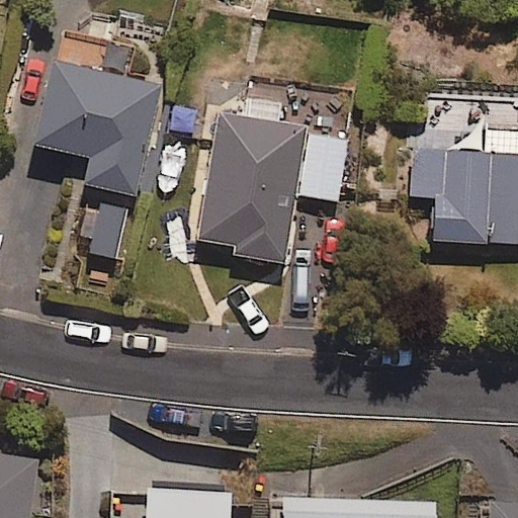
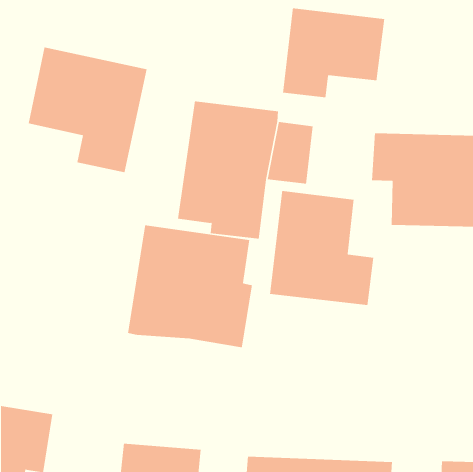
building: none -> [283,8,385,98]
building: none -> [270,190,374,306]
building: none -> [128,224,253,348]

